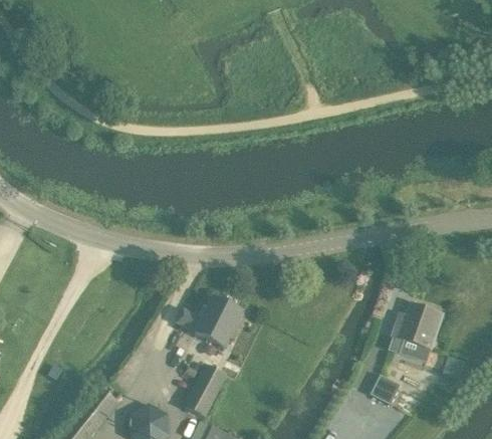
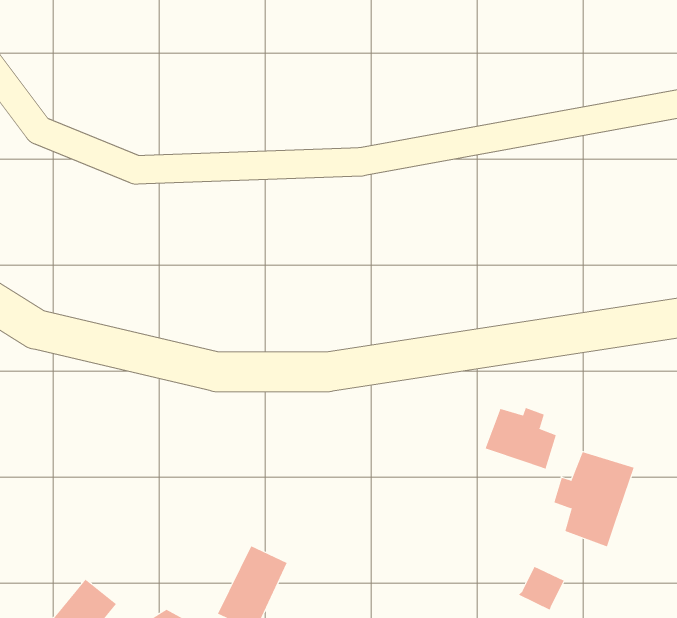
building: none -> [485,407,557,470]
building: [176,299,240,349] -> none

